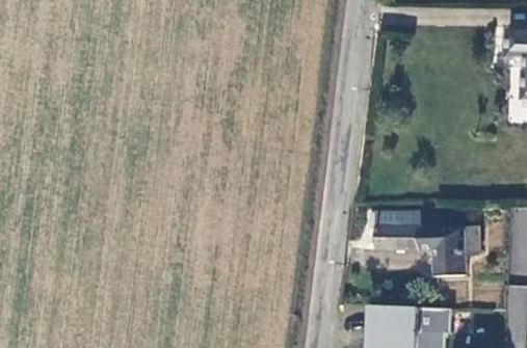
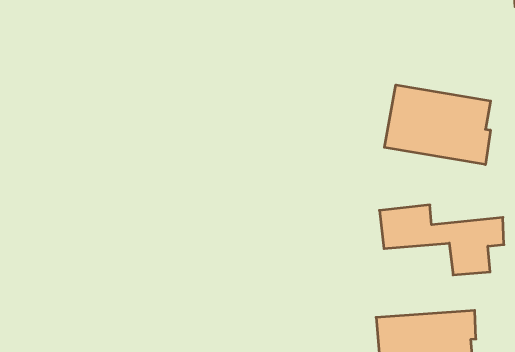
building: none -> [384,85,491,165]

